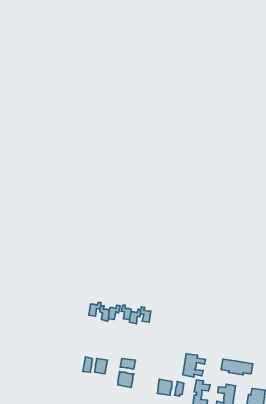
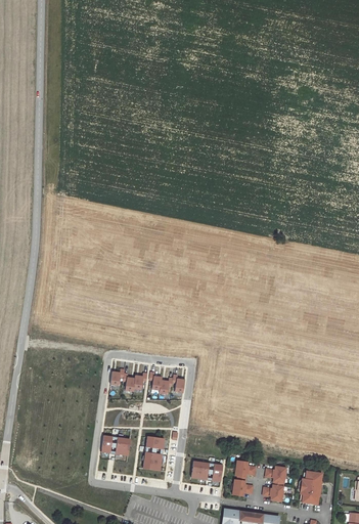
building: [183,354,205,377] -> none
building: [221,359,253,375] -> none

